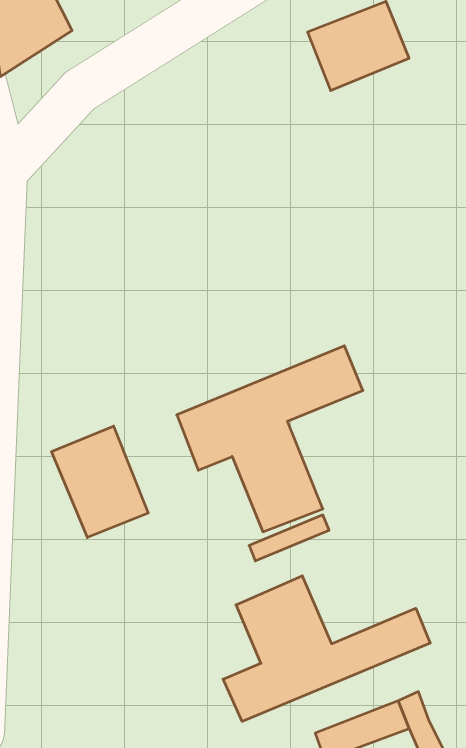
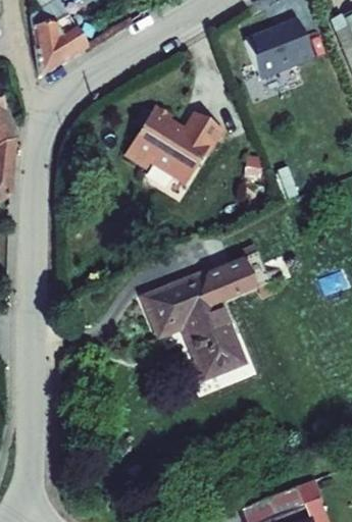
building: none -> [125,105,221,184]
building: [52,426,148,538] -> none
building: [223,576,430,721] -> none

